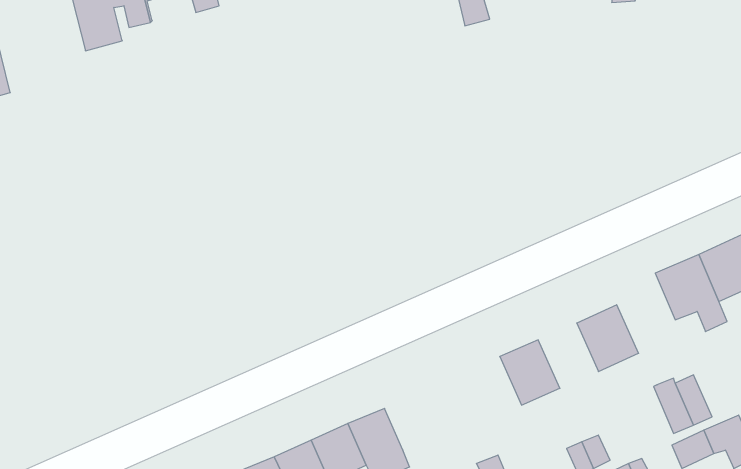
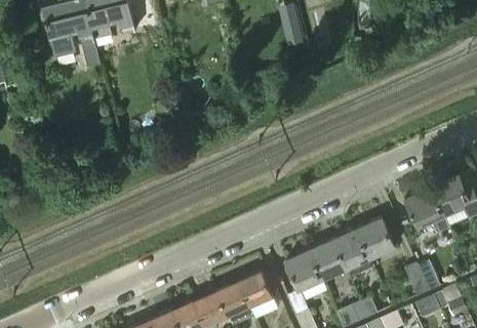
building: none -> [333,229,370,269]
building: none -> [286,249,323,290]
building: none -> [239,271,273,306]

